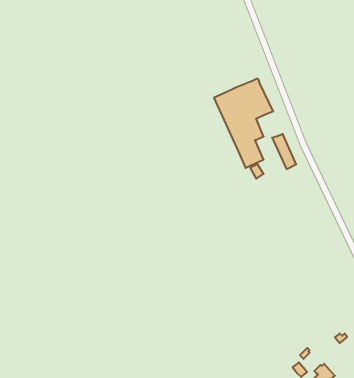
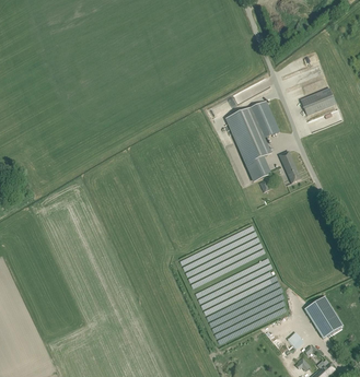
building: none -> [300,87,335,115]
building: none -> [302,295,342,337]

